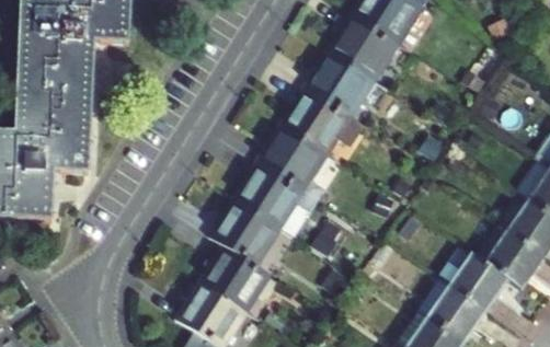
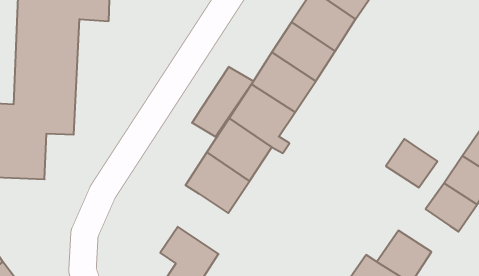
building: none -> [192,67,253,137]
building: [200,243,271,311] -> none
building: [449,254,507,309] -> [386,139,437,187]

